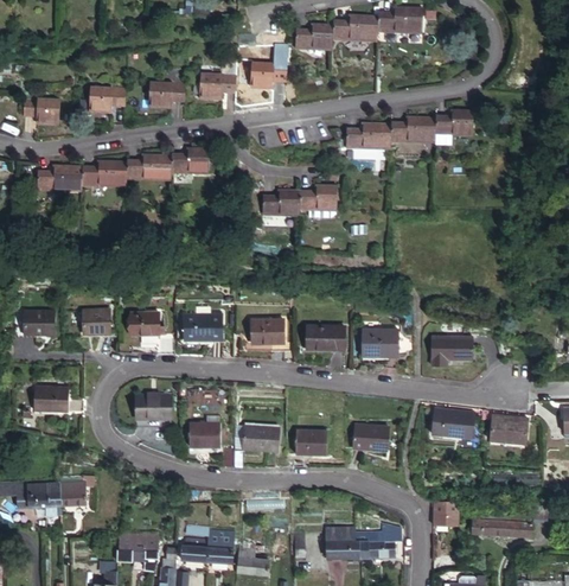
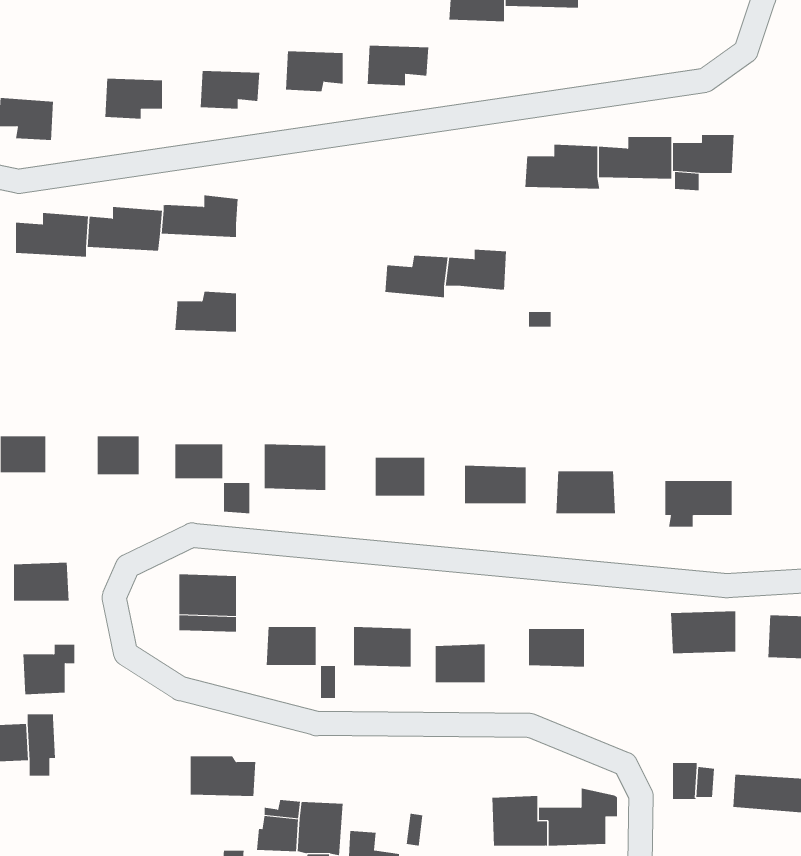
building: [170,152,207,177] -> [175,291,237,332]
building: [58,471,90,502] -> [23,644,75,695]
building: [117,531,158,556] -> [190,756,256,797]

